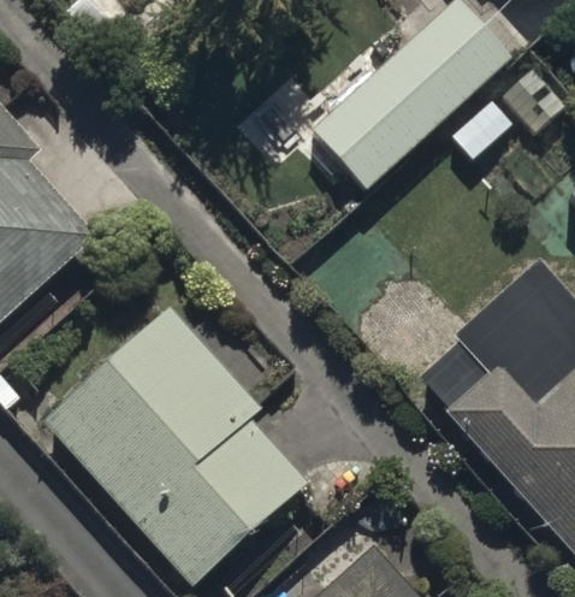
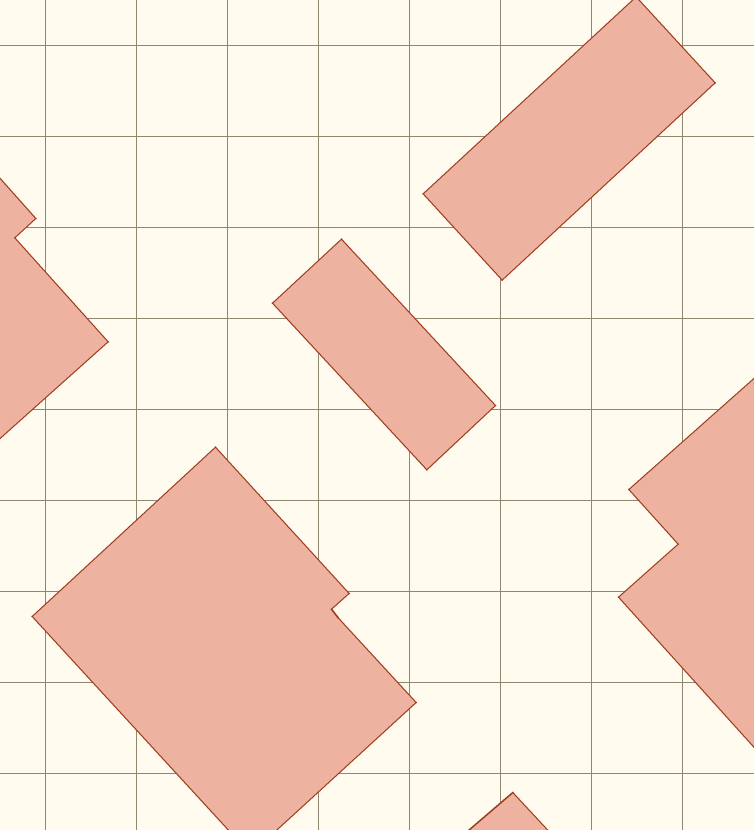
building: none -> [273,239,496,470]

